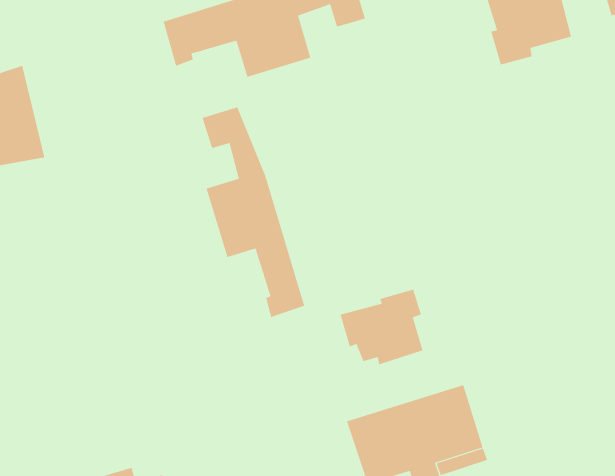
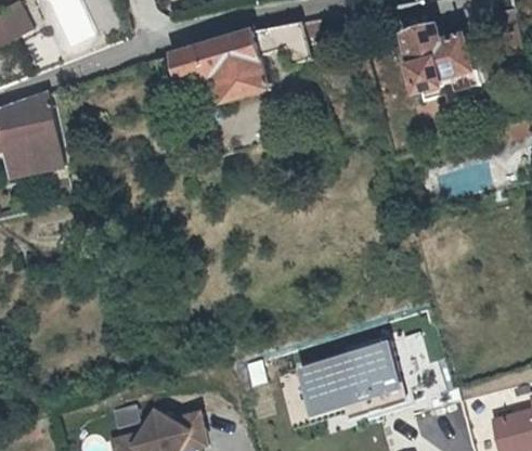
building: [202,107,305,318] -> none
building: [340,289,423,365] -> none

